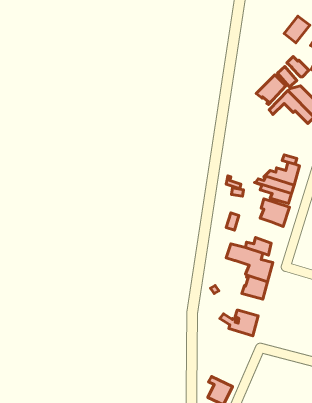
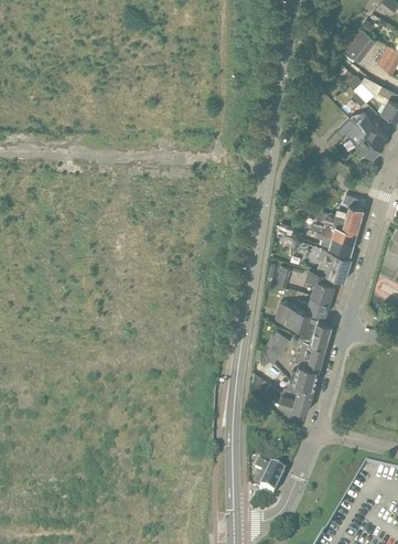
building: [256,75,286,105] -> none
building: none -> [305,270,335,302]
building: none -> [290,364,320,390]

